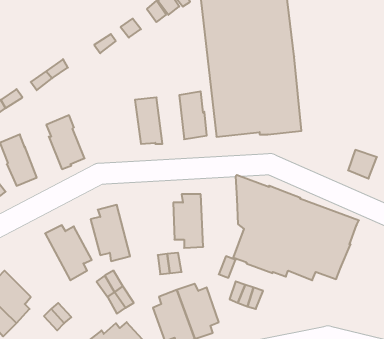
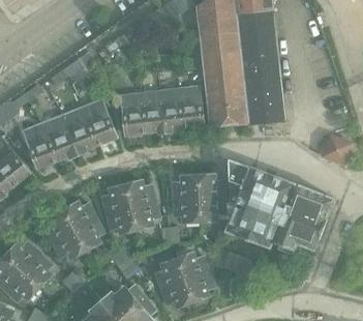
building: none -> [159,90,183,133]
building: none -> [121,94,146,136]
building: none -> [84,101,116,145]
building: none -> [41,116,78,162]
building: none -> [198,175,224,222]
building: none -> [125,181,159,230]
building: none -> [44,210,85,259]

